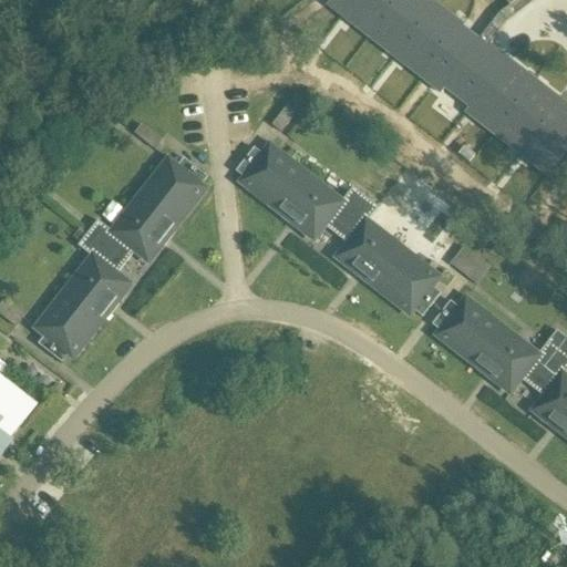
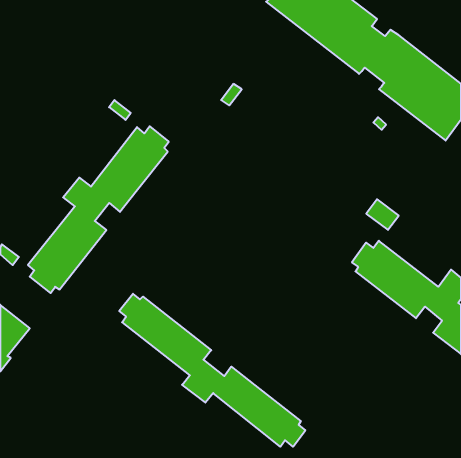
building: [236,142,440,315] -> none
building: none -> [119,294,305,447]

